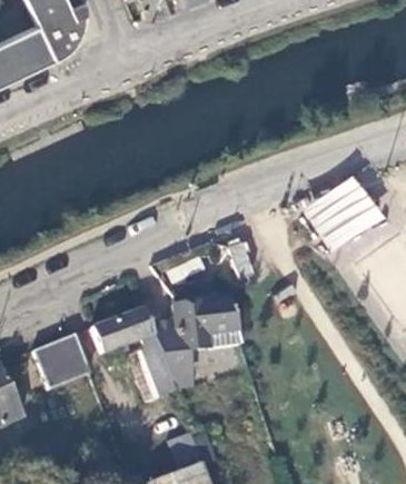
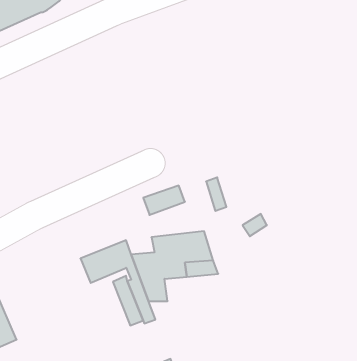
building: [306,168,389,249] -> none
building: [37,334,95,389] -> none

